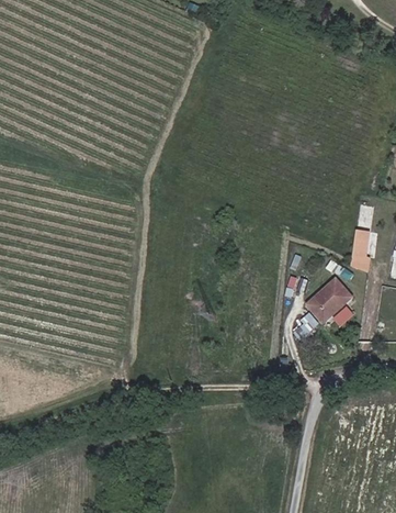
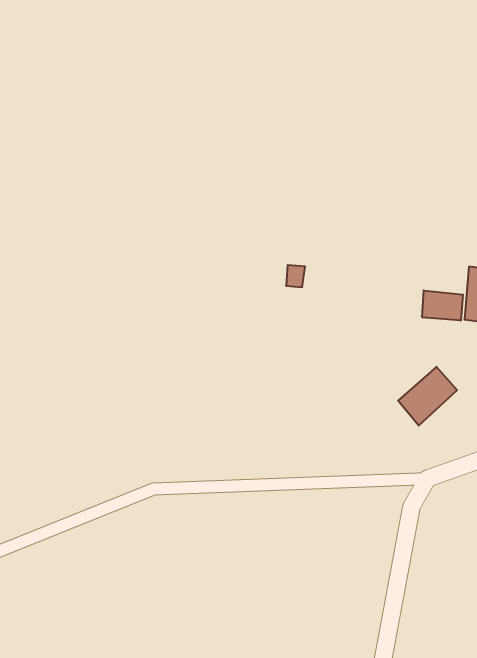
building: none -> [422,290,463,321]

